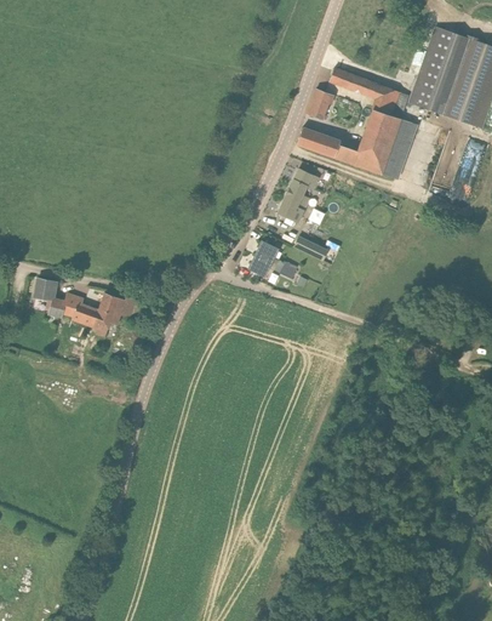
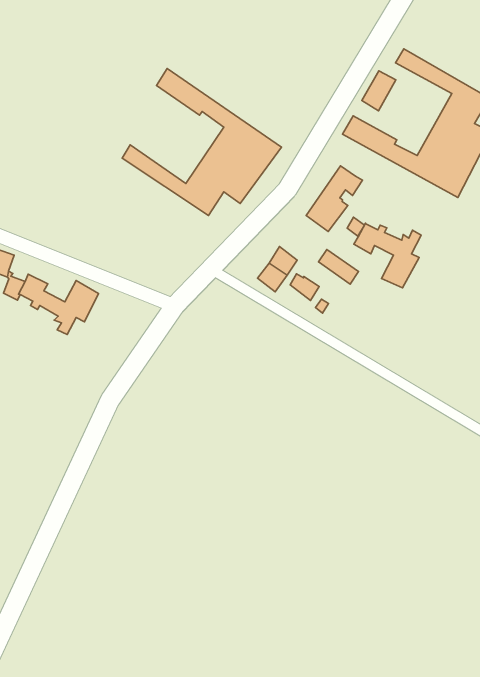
building: none -> [122,68,281,215]
building: none -> [354,223,421,288]

